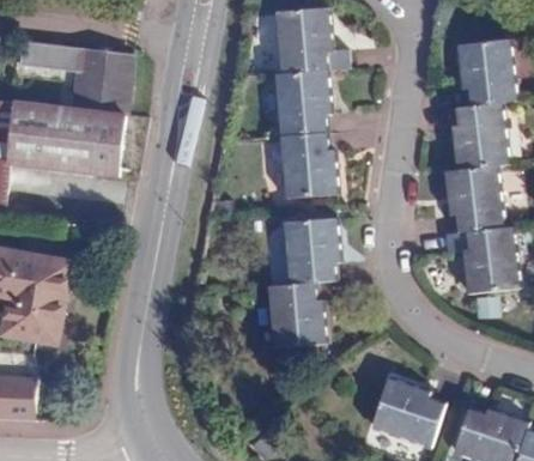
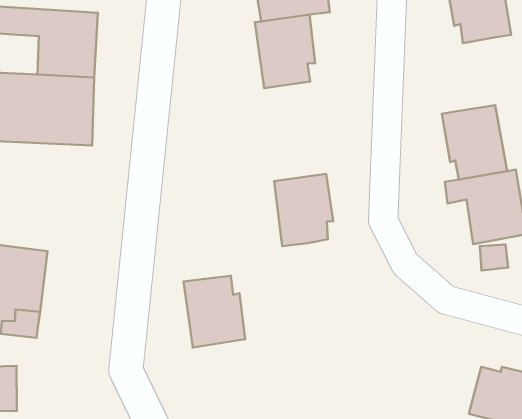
building: [453,101,506,168] -> none
building: [281,131,336,196] -> none
building: [268,281,322,346] -> [184,276,245,348]
building: [370,377,444,444] -> none

